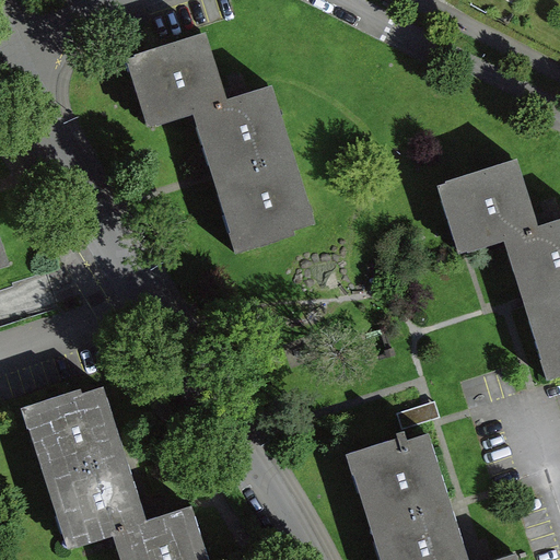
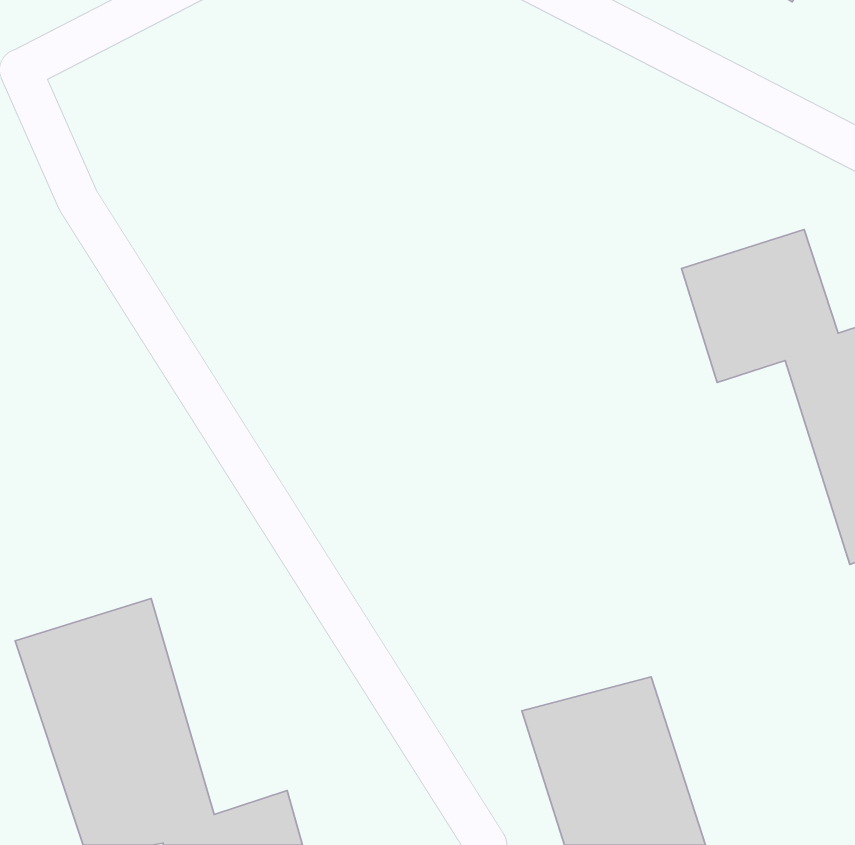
building: [122,37,318,258] -> none

